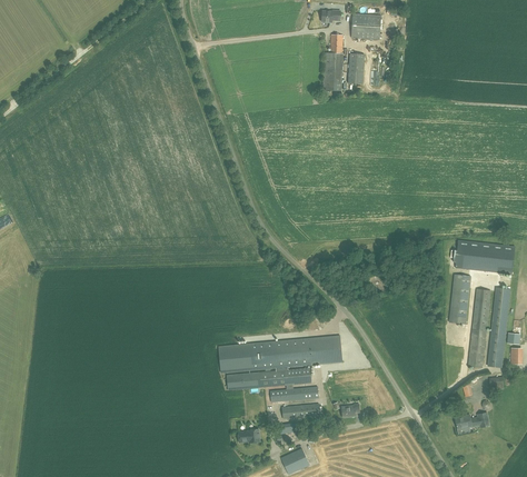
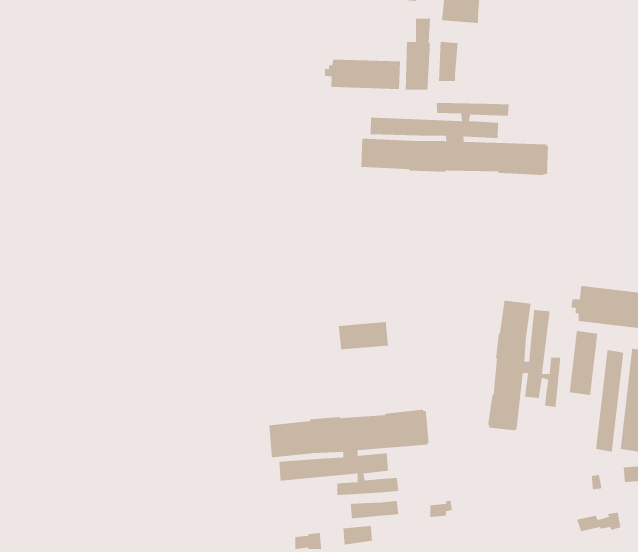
building: none -> [324,59,401,90]
building: none -> [360,102,549,176]
building: none -> [487,300,561,431]
building: none -> [338,321,389,350]

